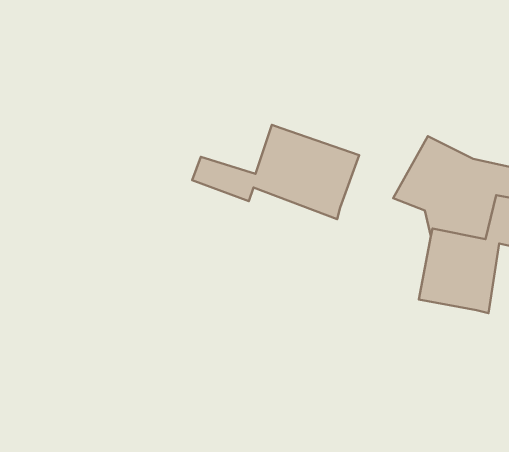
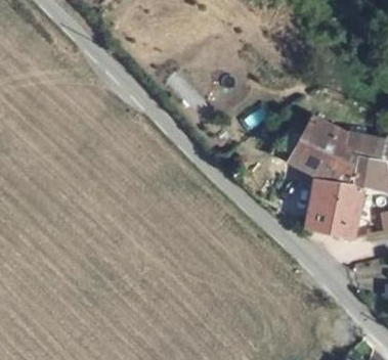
building: [192,125,359,219] -> none

